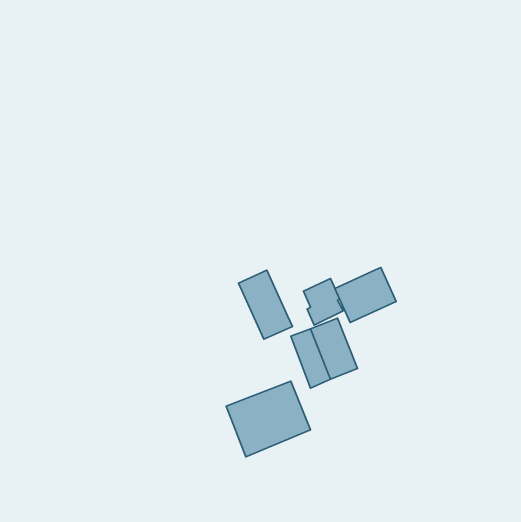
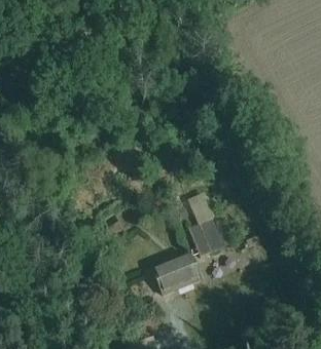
building: [335,268,396,322] -> none
building: [238,270,292,339] -> none

